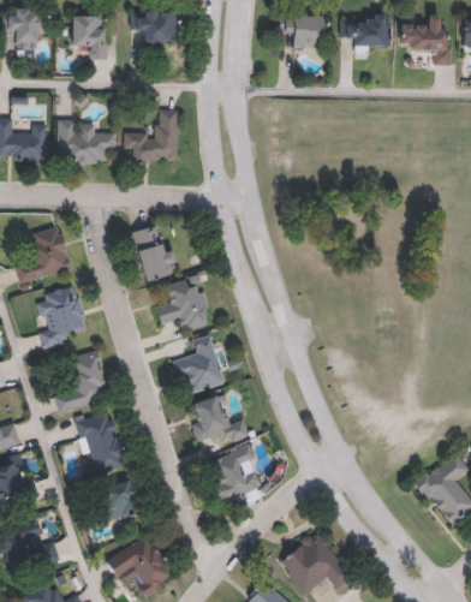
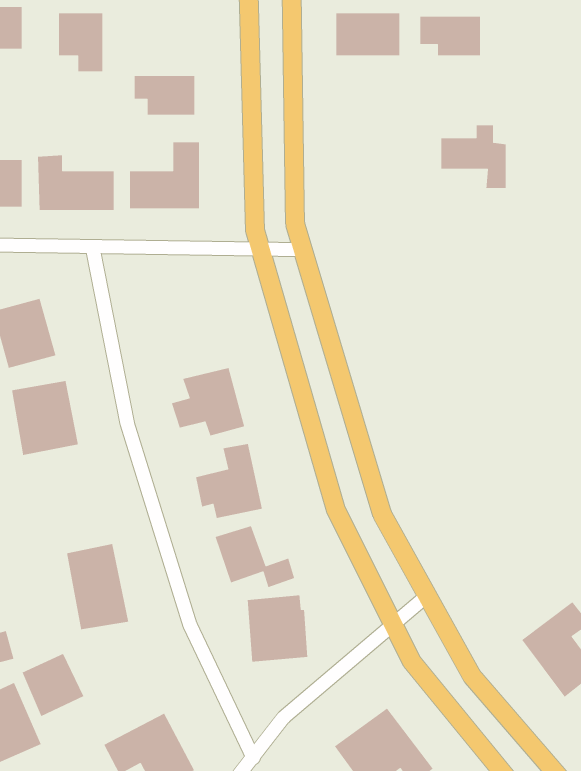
building: [132,12,178,42] -> [134,75,195,116]
building: [401,17,451,65] -> [440,124,507,189]
building: [131,225,174,282] -> none
building: [53,353,109,413] -> none
building: [96,476,143,524] -> [22,653,85,717]

